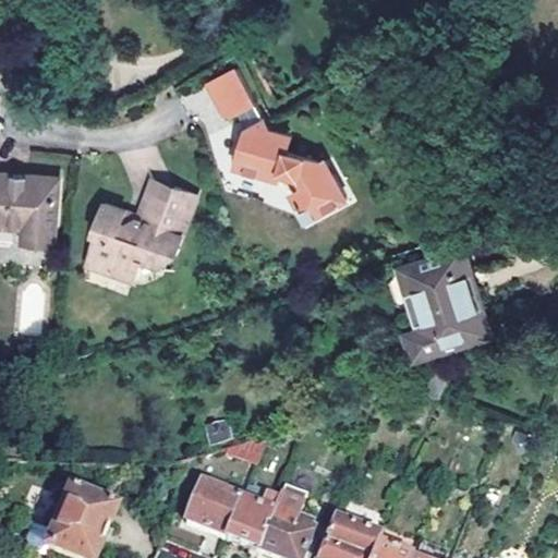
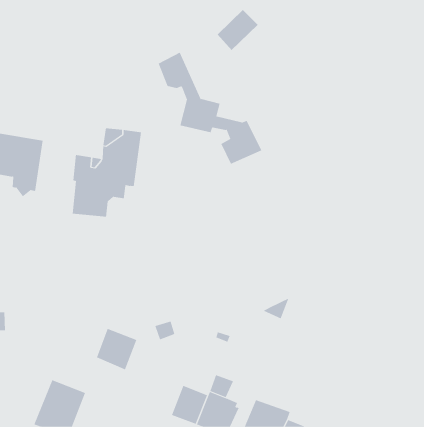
building: none -> [217,9,258,51]
building: [402,248,489,362] -> none
building: [185,487,239,542] -> [96,328,137,370]

